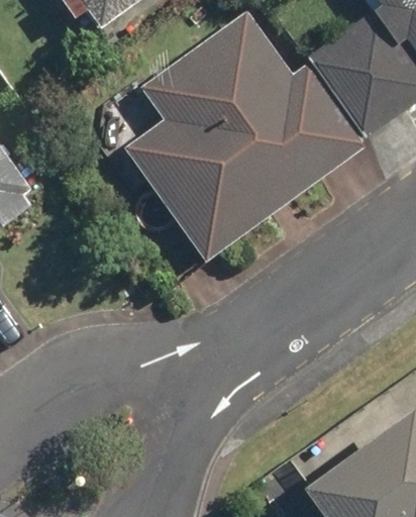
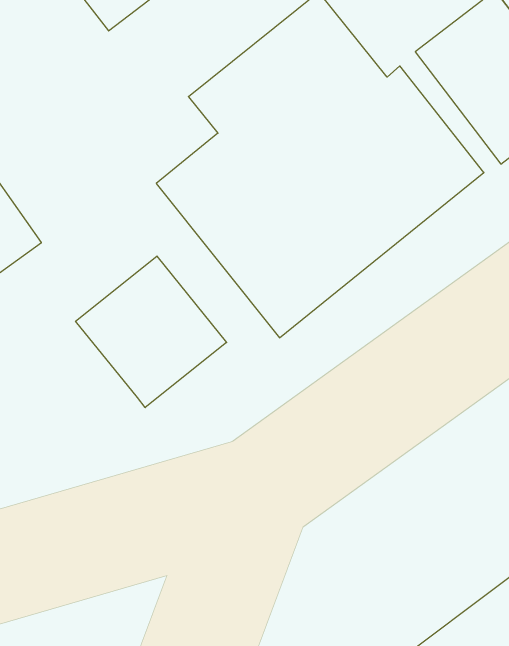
building: none -> [76,256,227,408]

